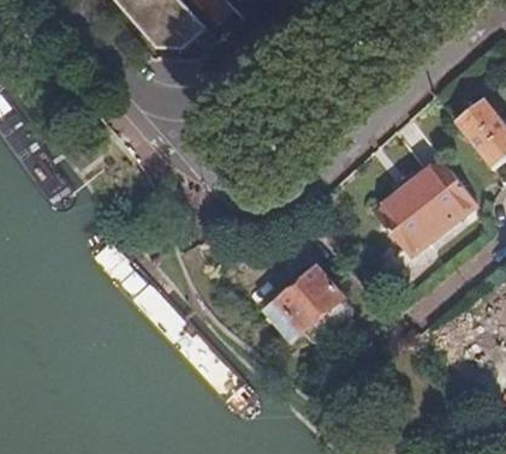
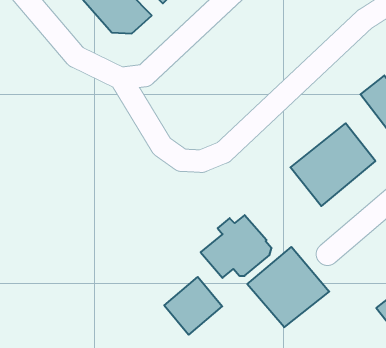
building: none -> [247,247,329,327]
building: none -> [164,277,222,335]

